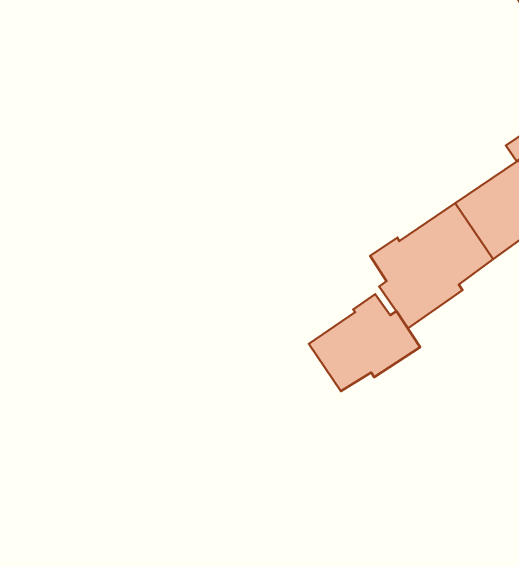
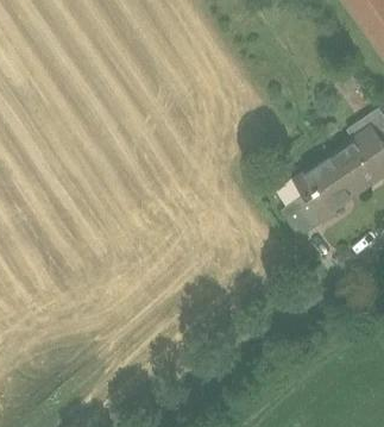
building: [309,294,420,391] -> none

